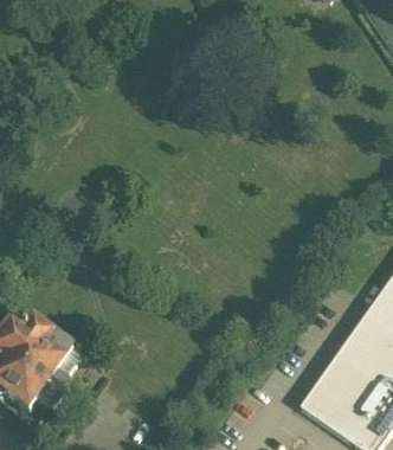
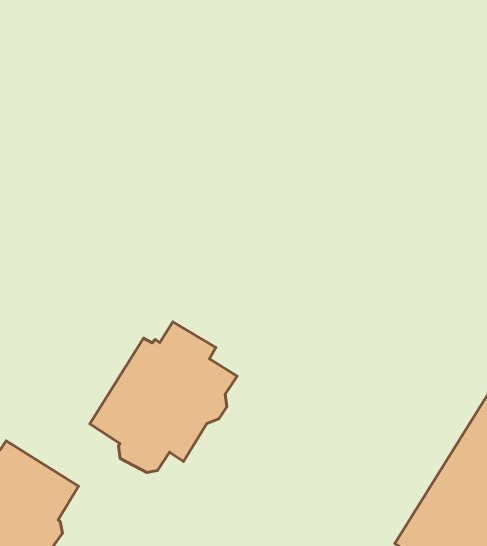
building: none -> [90,322,237,473]

